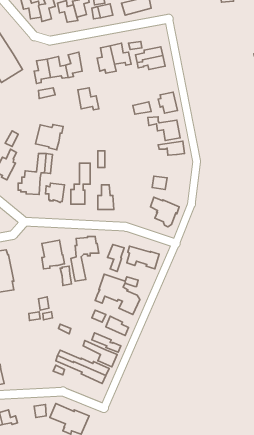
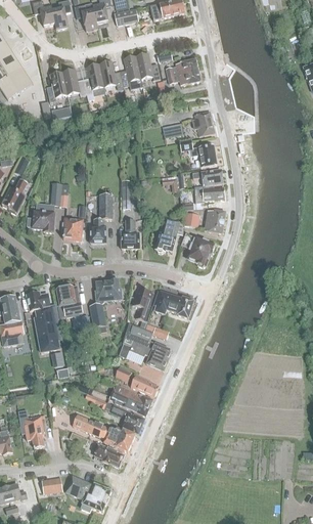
building: [78,88,99,110] -> [99,61,124,87]
building: [35,125,63,150] -> none
building: none -> [190,183,225,202]
building: none -> [205,209,226,233]
building: none -> [155,217,183,253]
building: none -> [27,291,59,351]
building: none -> [108,383,152,407]
building: none -> [23,413,44,446]
building: none -> [93,441,125,467]

